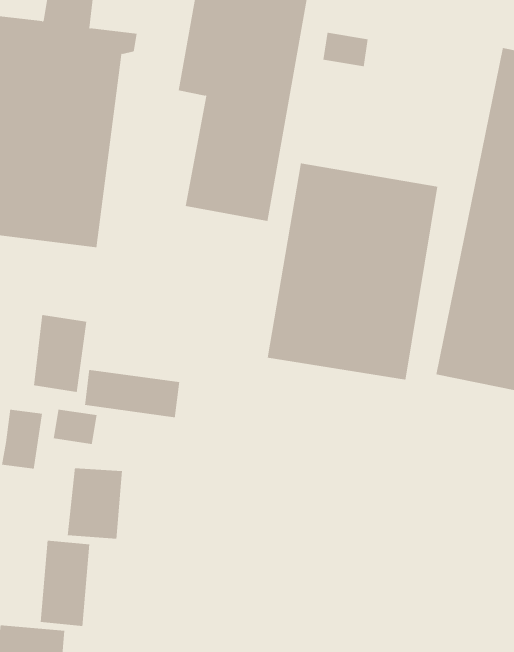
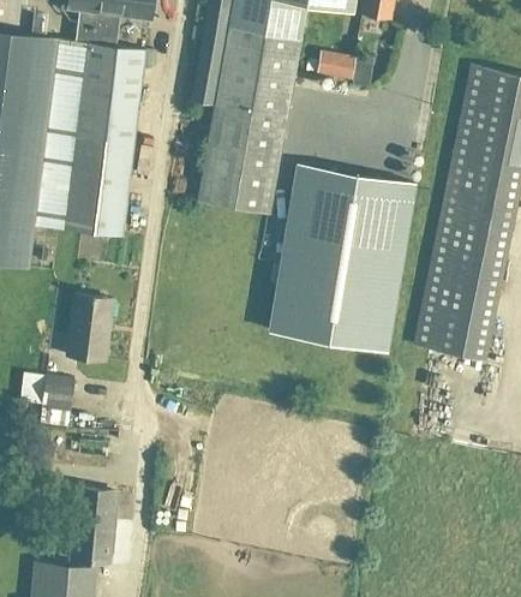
building: [84,369,180,418] -> none
building: [53,409,97,445] -> none
building: [67,467,123,540] -> none

